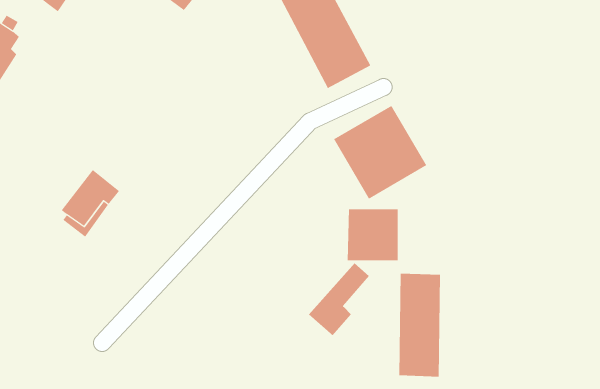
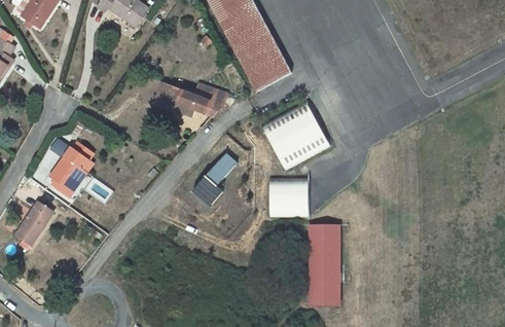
building: none -> [161,79,232,119]
building: none -> [19,203,58,247]
building: [308,263,370,336] -> [191,151,238,207]

